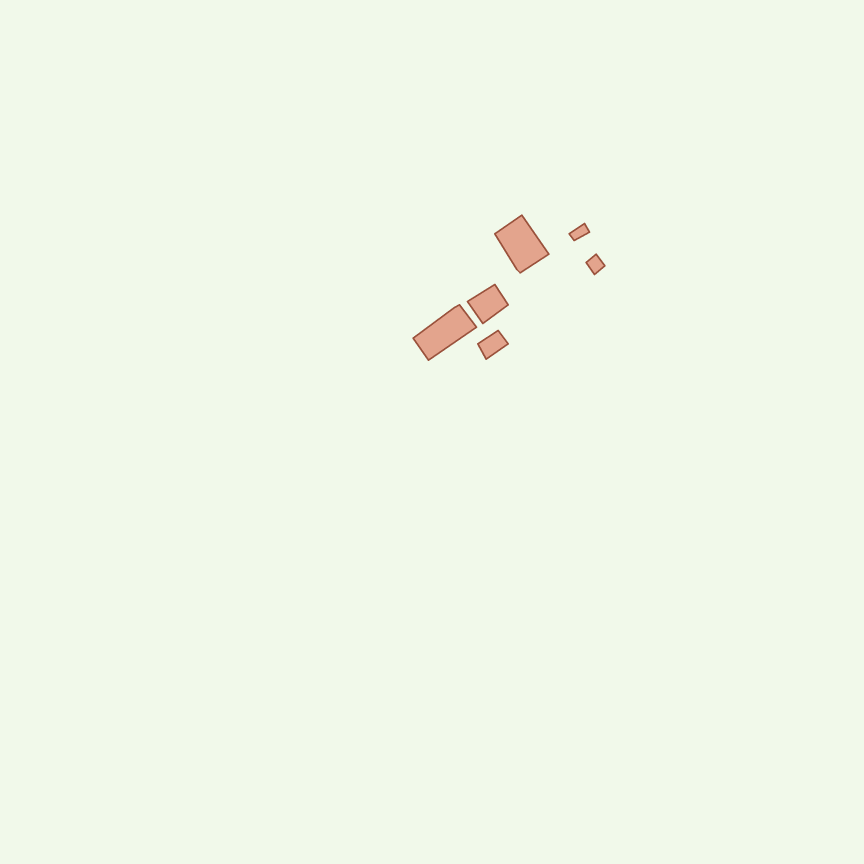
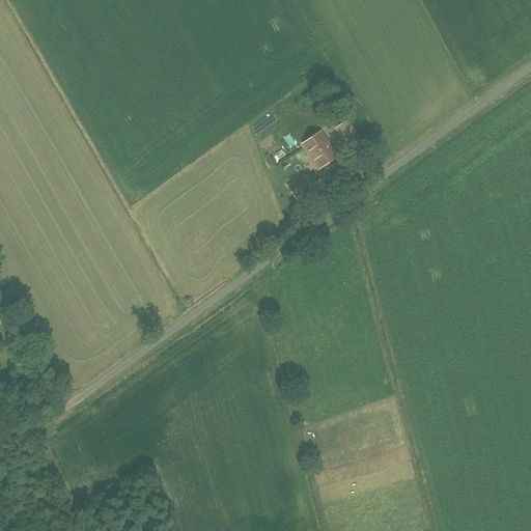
building: [413,305,477,360] -> none

